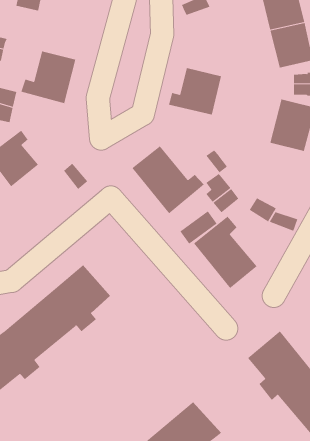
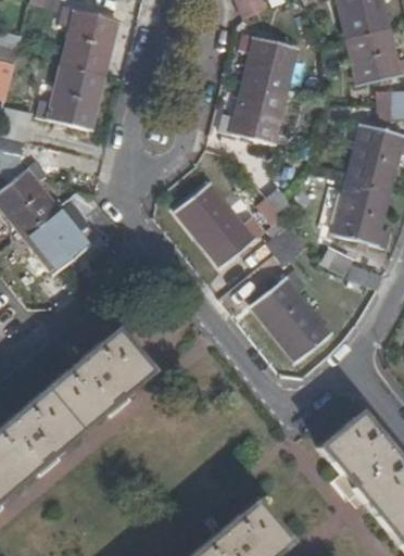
building: none -> [59,8,117,75]
building: none -> [240,35,299,96]
building: none -> [332,179,391,250]
building: none -> [23,206,97,273]

